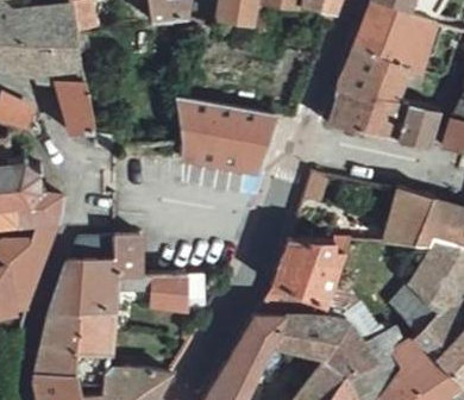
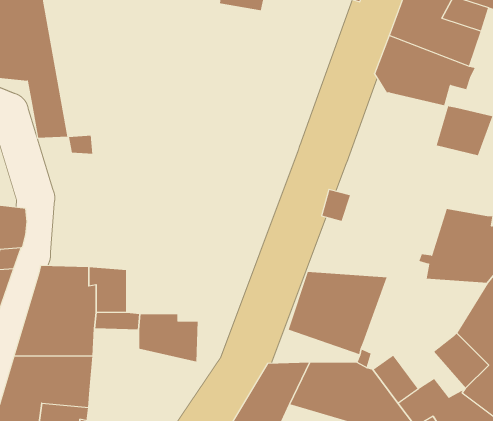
building: [325,96,401,139] -> none
building: [177,102,271,176] -> none

